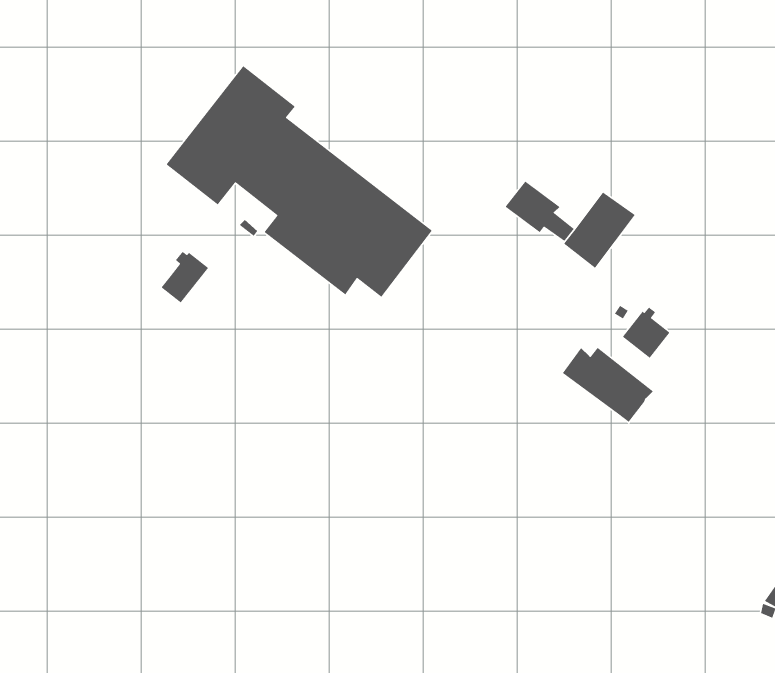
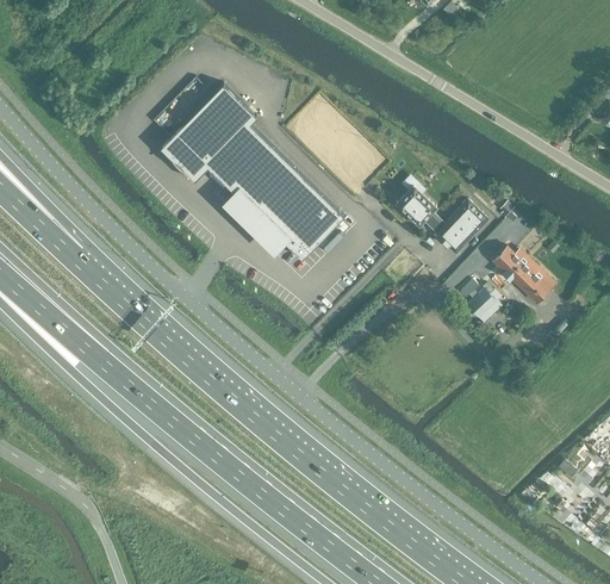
building: [161,251,209,304] -> none
building: [562,347,654,423] -> [492,248,555,305]

